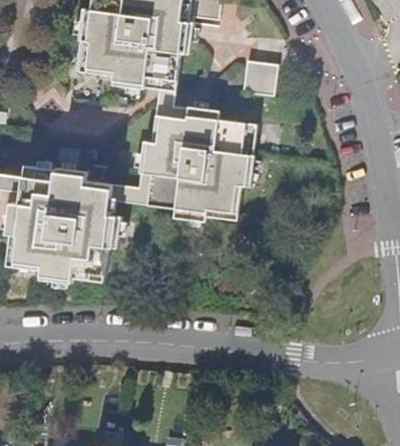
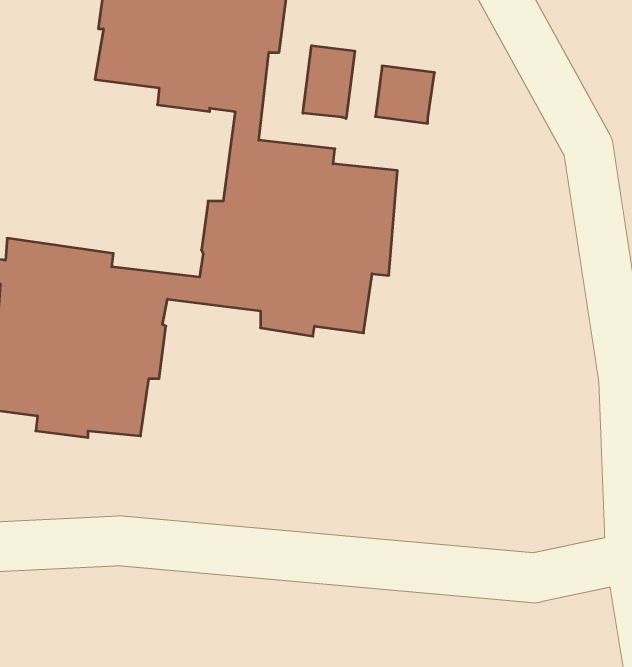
building: none -> [303,46,355,119]

